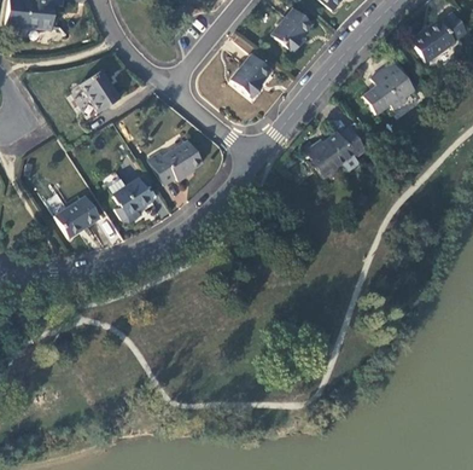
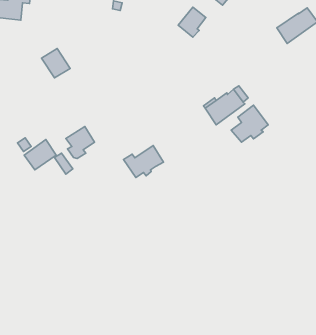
building: [232,53,271,95] -> none
building: [363,59,415,111] -> [231,105,268,142]
building: [150,139,205,184] -> [124,146,163,178]

